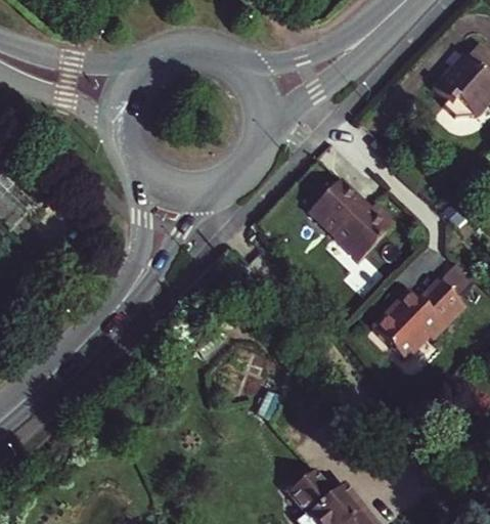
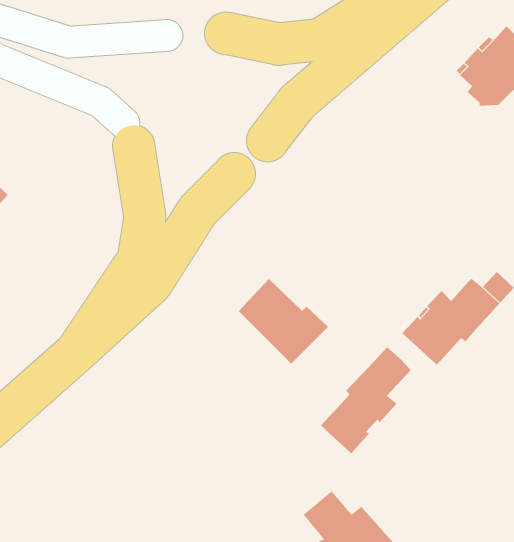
building: [305,182,389,262] -> [238,278,329,364]
building: none -> [320,347,412,454]

